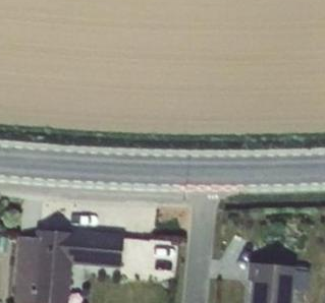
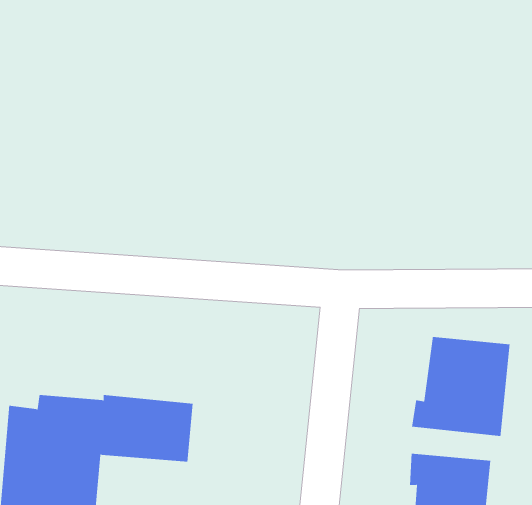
building: none -> [412,336,510,437]

